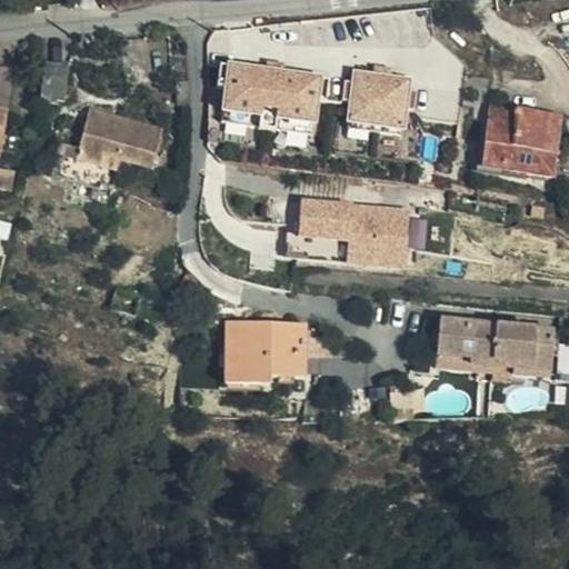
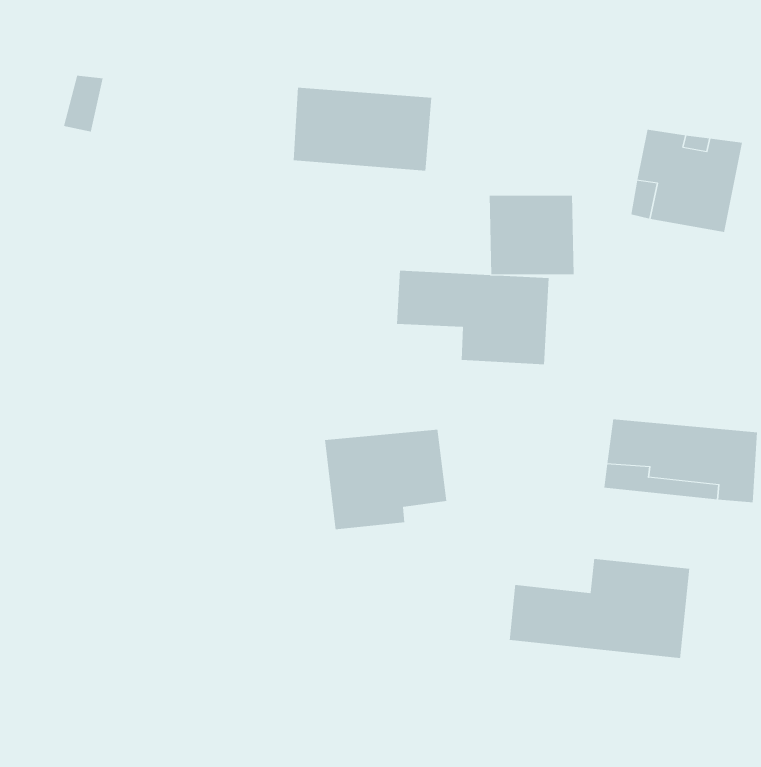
building: [343,72,407,131] -> [489,195,574,275]
building: [66,106,164,183] -> none
building: none -> [509,558,690,659]

